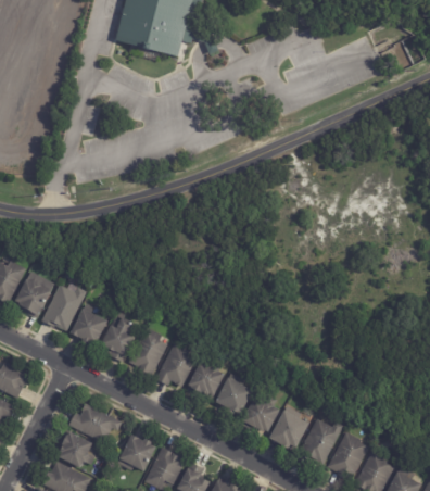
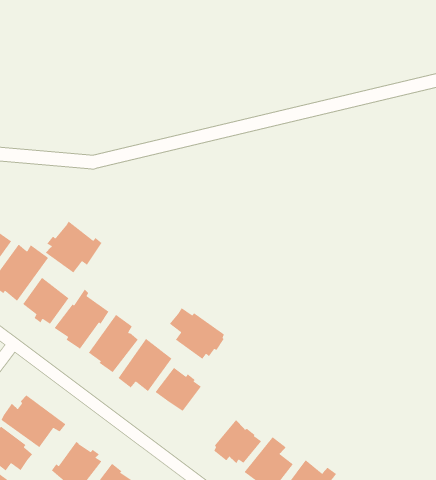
building: none -> [45,220,103,273]
building: none -> [169,307,225,360]
building: [216,377,253,412] -> none

